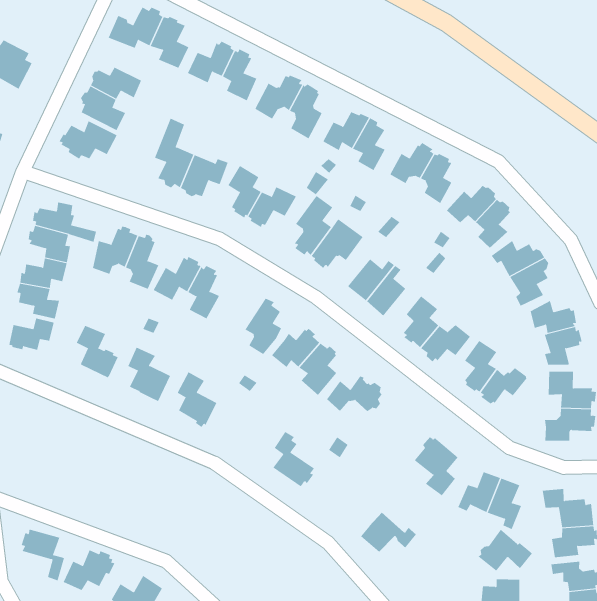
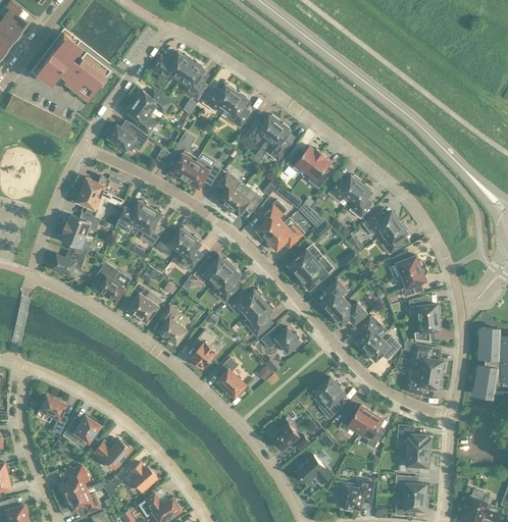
building: none -> [195,256,232,283]
building: none -> [192,330,217,368]
building: [478,529,533,571] -> [296,455,334,484]

